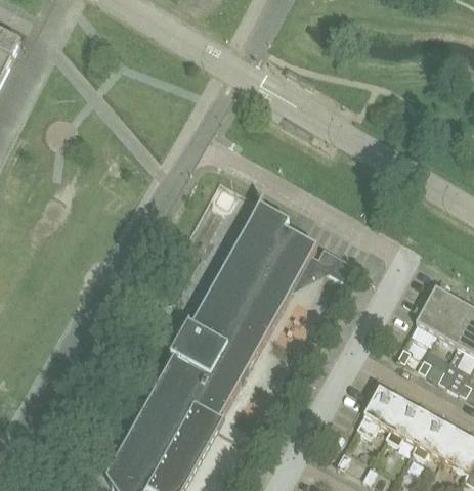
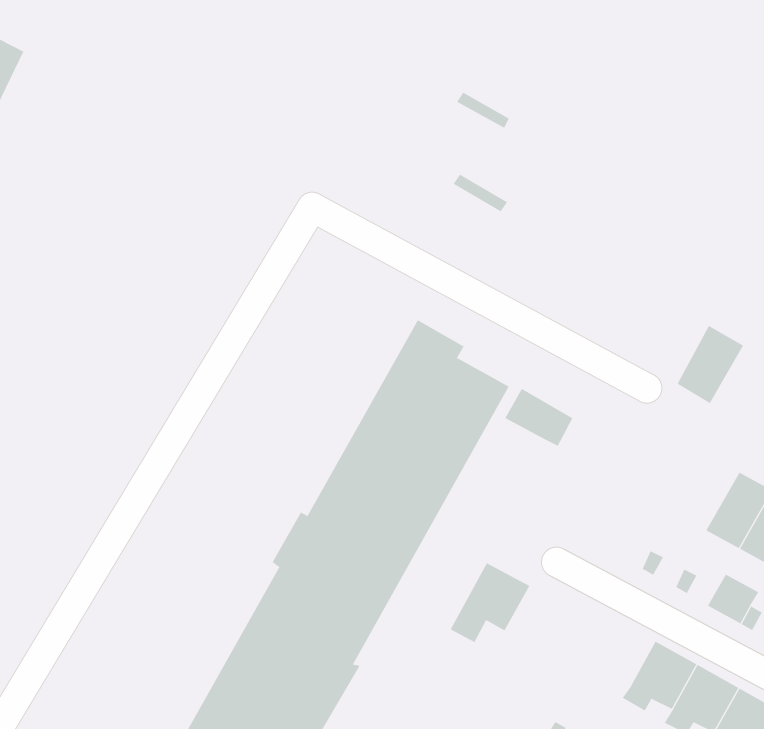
building: [415,283,456,331] -> [677,325,744,404]
building: [355,385,404,434] -> [450,562,530,643]

